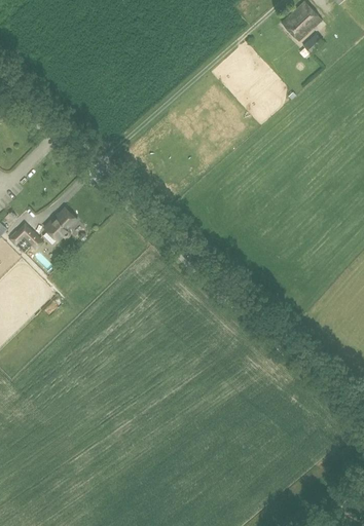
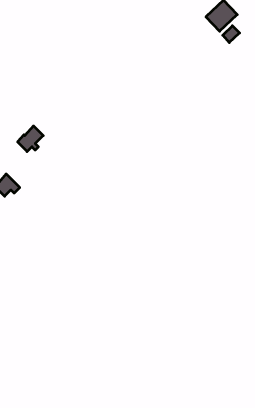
building: [44,208,77,240] -> [18,126,43,152]

